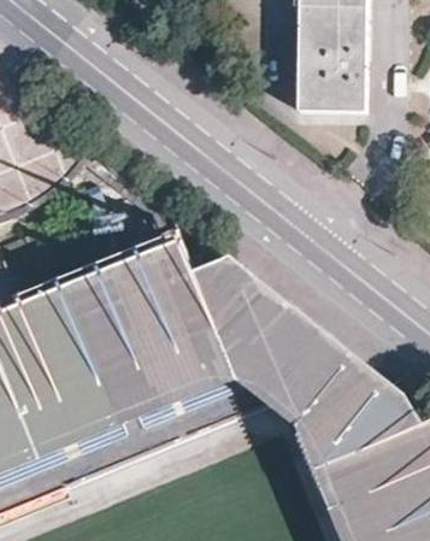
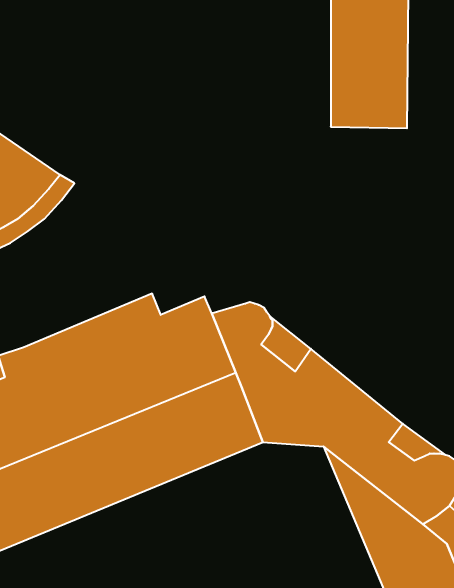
building: [139,230,187,272] -> none

